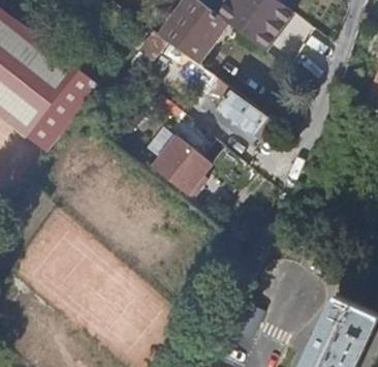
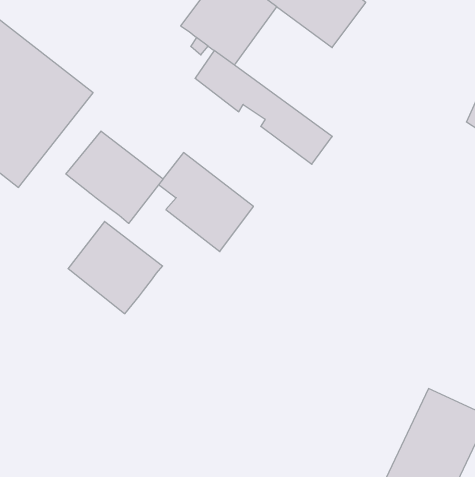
building: none -> [66,131,163,223]
building: none -> [68,221,163,314]

